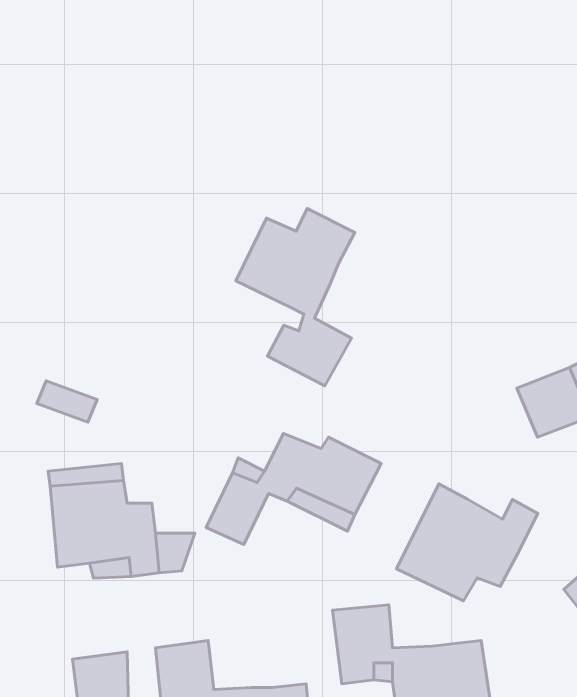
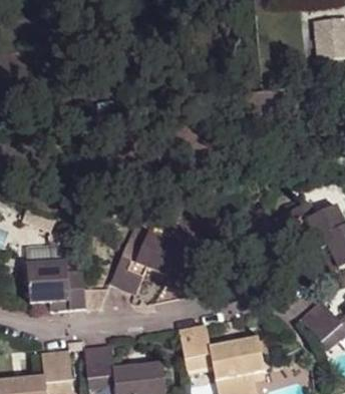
building: [236,209,355,386] -> none
building: [396,484,538,601] -> none

